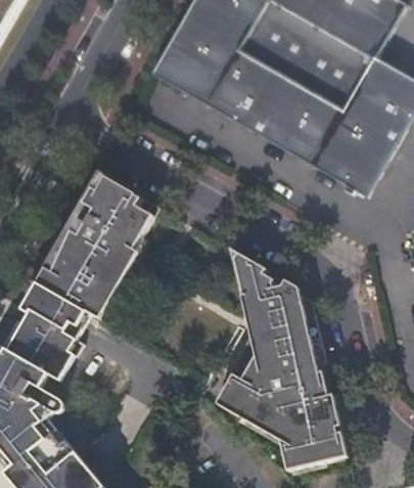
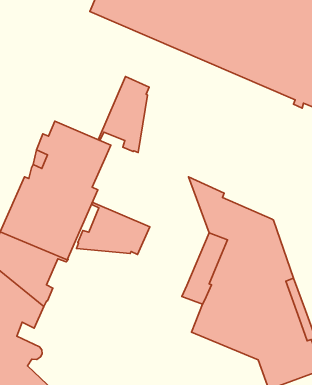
building: none -> [98,76,149,152]
building: none -> [76,202,150,254]

